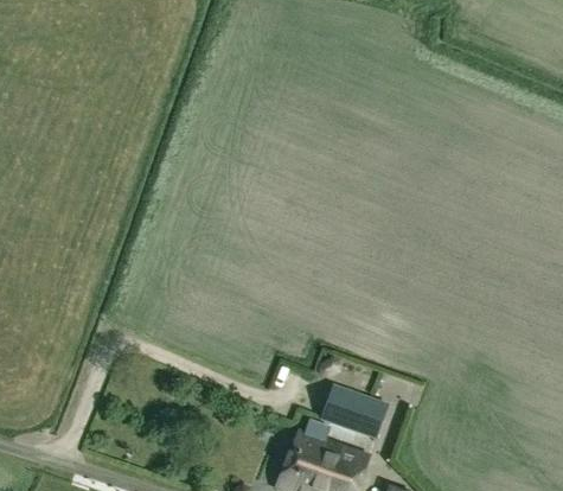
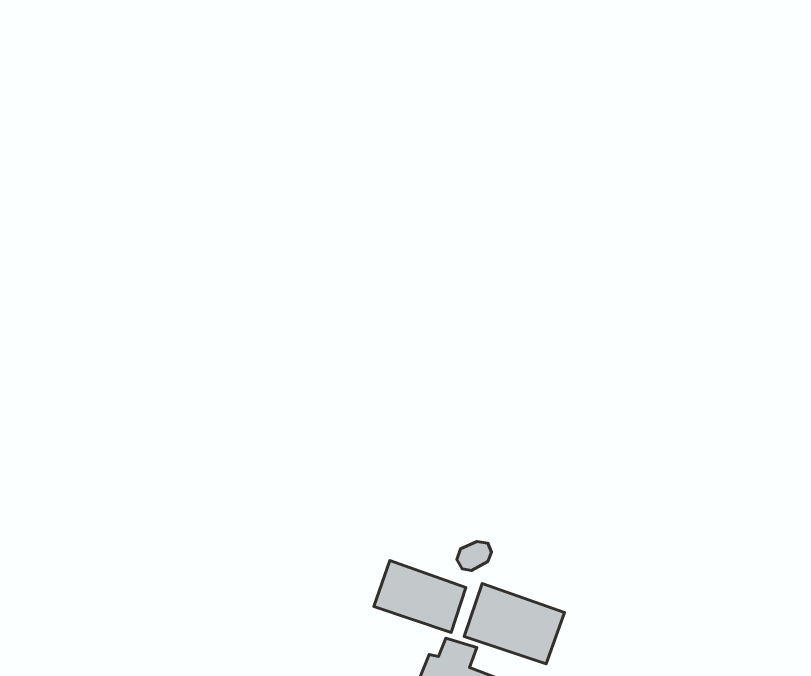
building: none -> [374,561,466,632]

